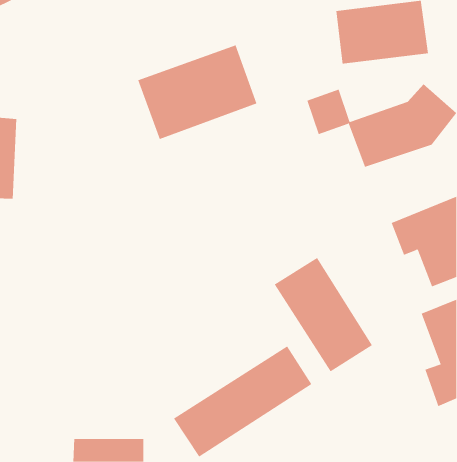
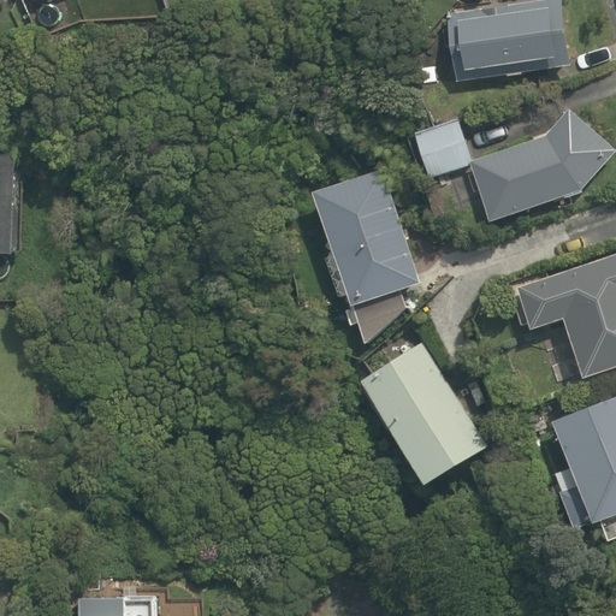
building: [137,45,257,140] -> none
building: none -> [313,170,422,348]
building: [173,345,312,457] -> none

